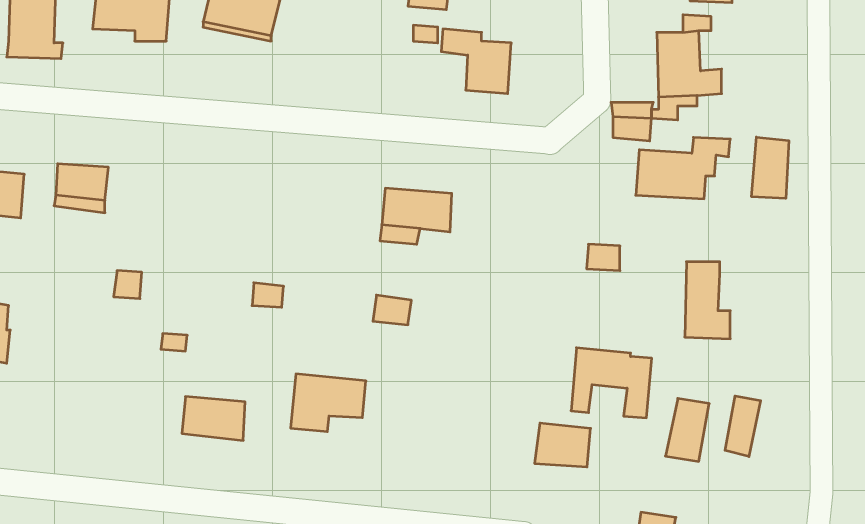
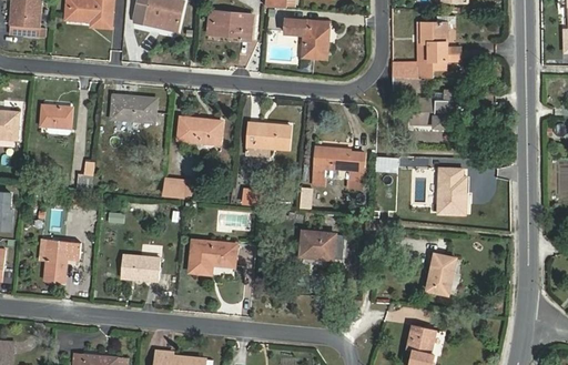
building: none -> [207,10,254,42]
building: [752,137,789,198] -> none
building: none -> [111,93,158,123]
building: none -> [178,116,221,143]
building: [571,348,652,418] -> [313,144,364,189]
building: none -> [42,239,80,282]
building: [725,396,761,457] -> none
building: [535,423,591,467] -> [301,230,336,257]

